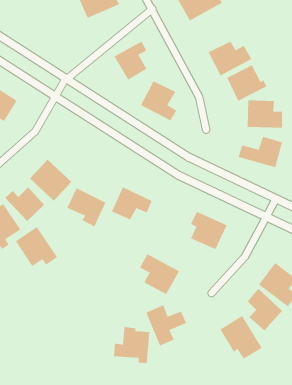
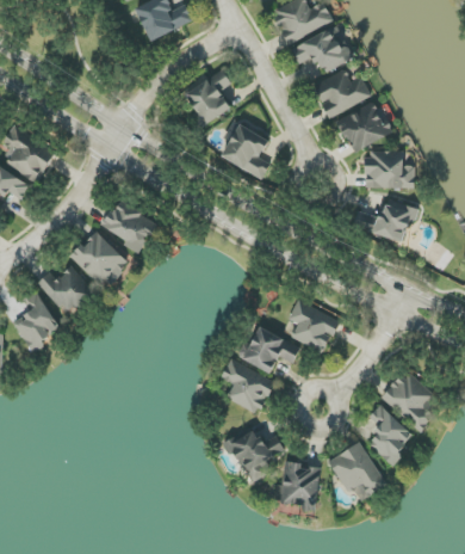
building: none -> [291,27,352,73]
building: [111,187,153,220] -> [243,327,299,373]
building: [67,187,106,227] -> [103,201,156,254]
building: [15,226,58,267] -> none
building: [113,327,150,364] -> [269,461,320,511]

